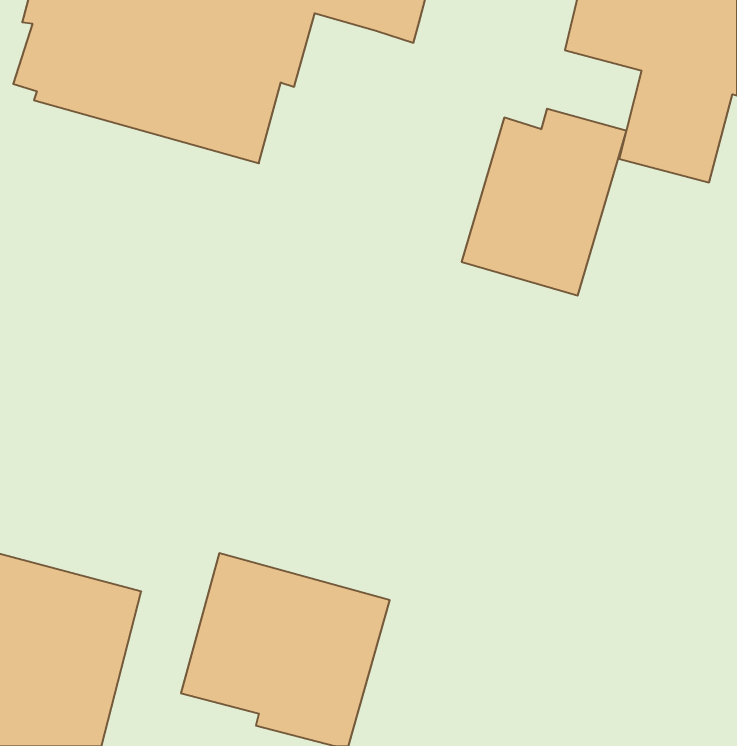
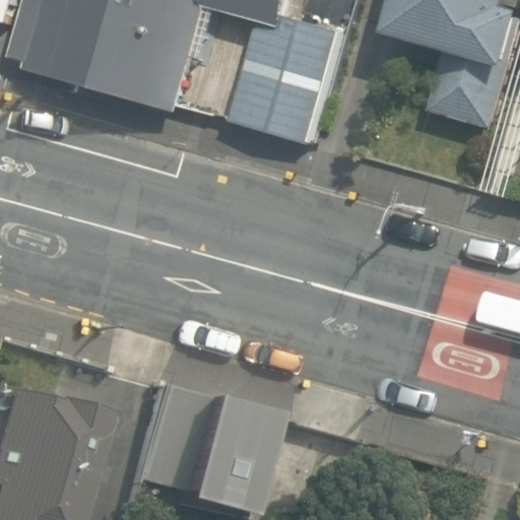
building: [462,109,626,296] -> [231,15,344,144]

